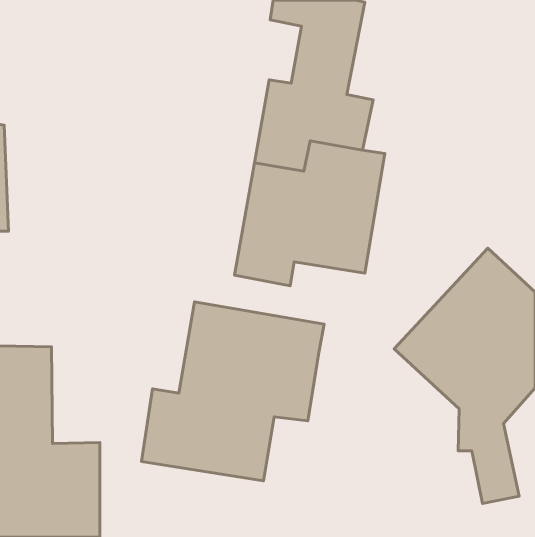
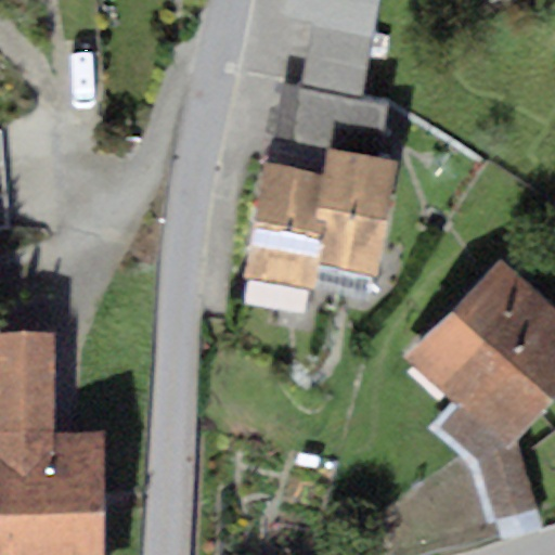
building: [141,302,324,481] -> none

